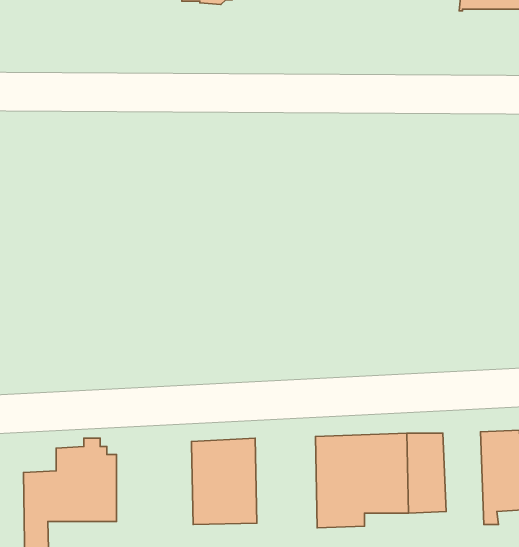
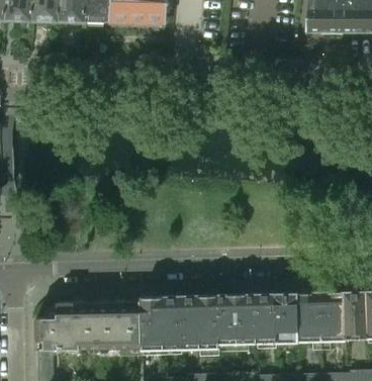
building: none -> [297,292,322,350]
building: none -> [181,295,219,356]
building: none -> [95,296,143,356]

